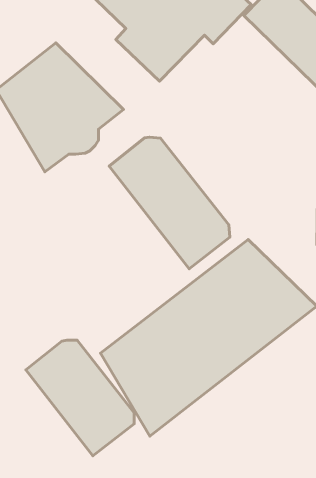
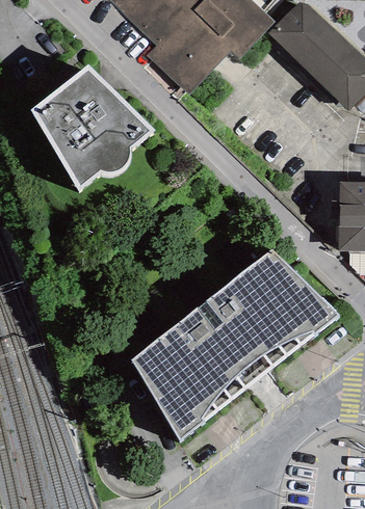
building: [109,137,230,269] -> none
building: [26,340,134,456] -> none

